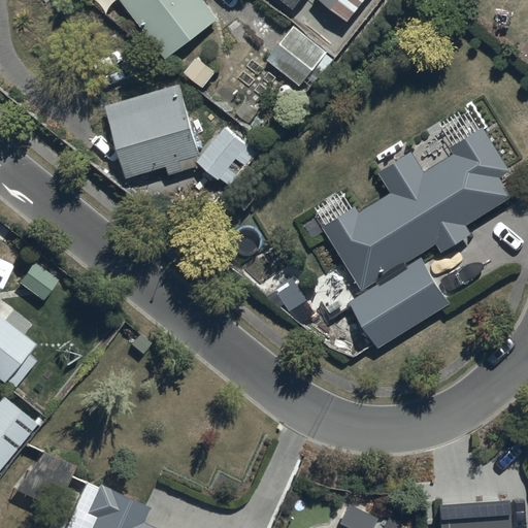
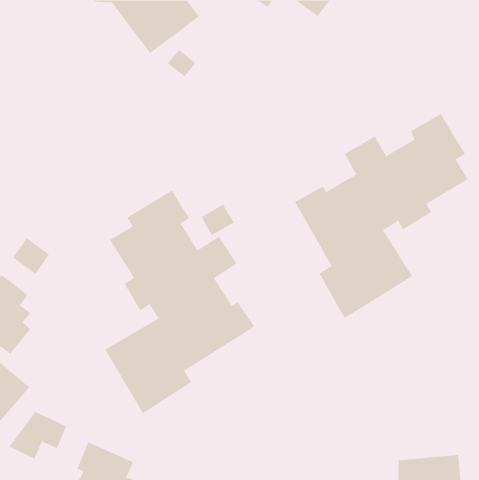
building: [265,27,327,87] -> none
building: [106,84,266,189] -> none
building: none -> [104,190,255,414]

